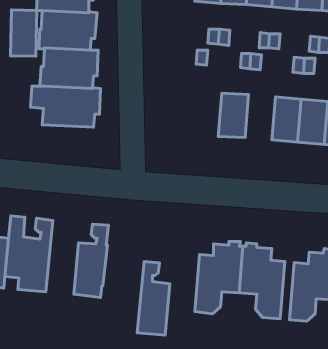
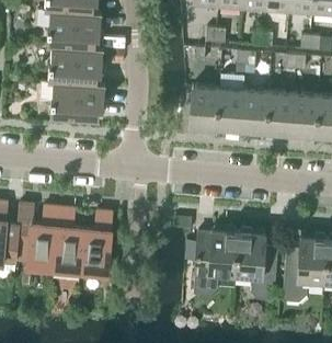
building: [10,10,37,56] -> none
building: none -> [188,87,218,129]
building: none -> [240,90,268,133]
building: [137,262,170,335] -> [53,208,83,277]

